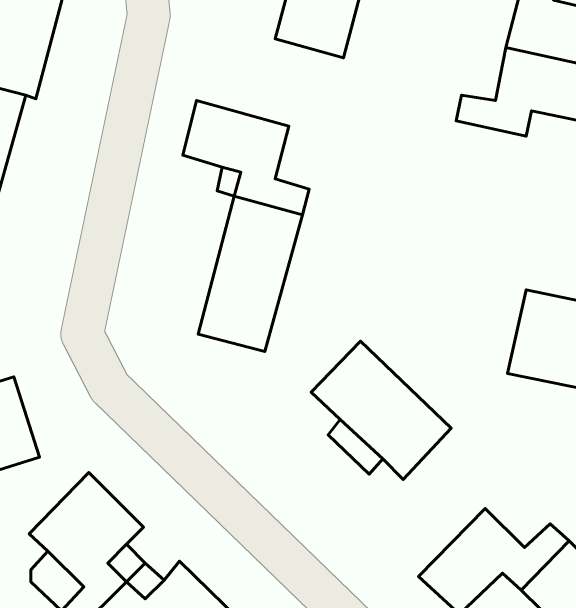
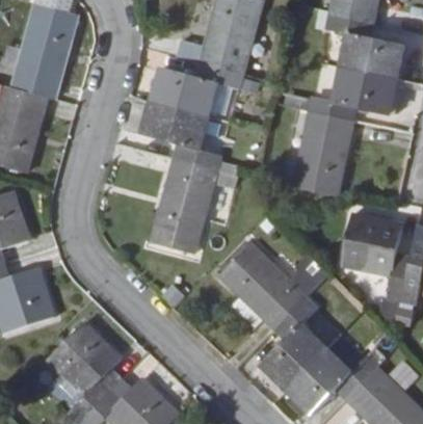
building: none -> [152,61,241,114]
building: none -> [294,111,352,195]
building: none -> [264,298,327,389]

